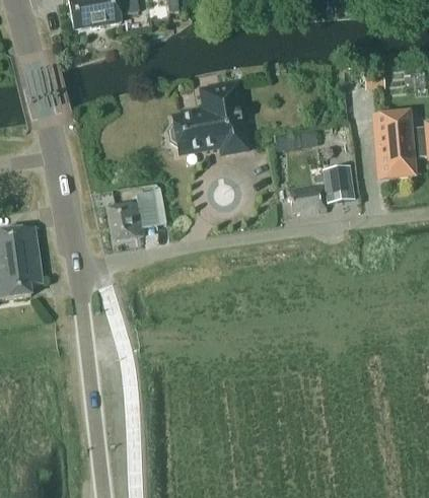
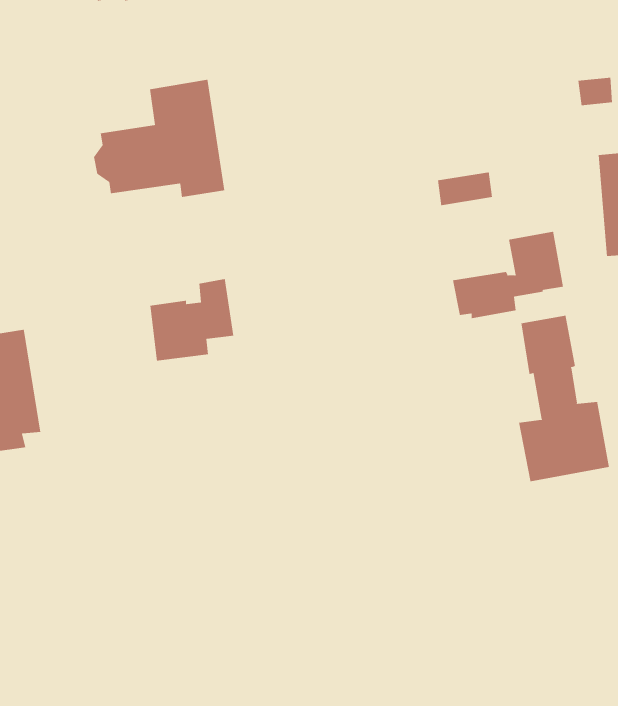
building: [167,84,246,155] -> [93,79,225,197]
building: none -> [518,315,609,482]

